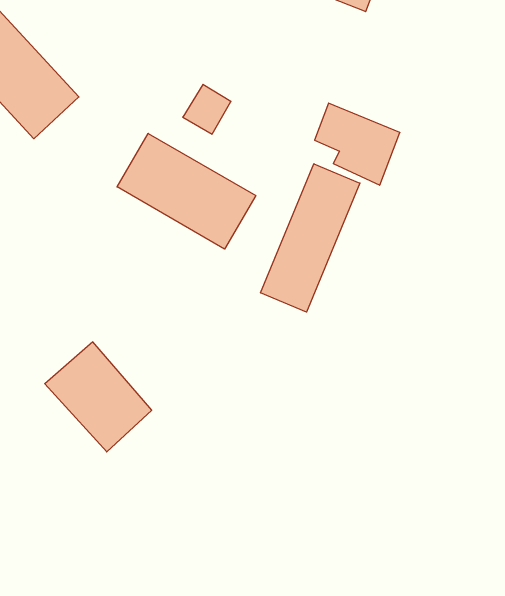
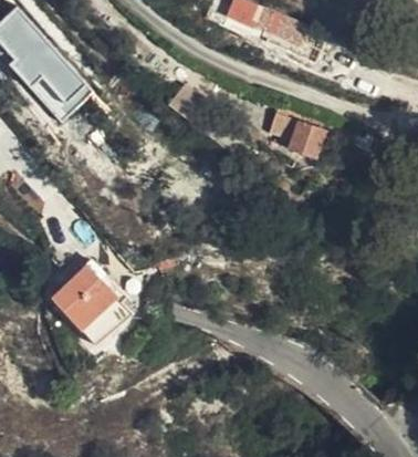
building: [117,133,256,249] -> none
building: [261,164,360,312] -> none

